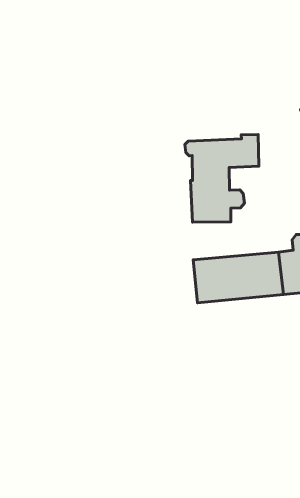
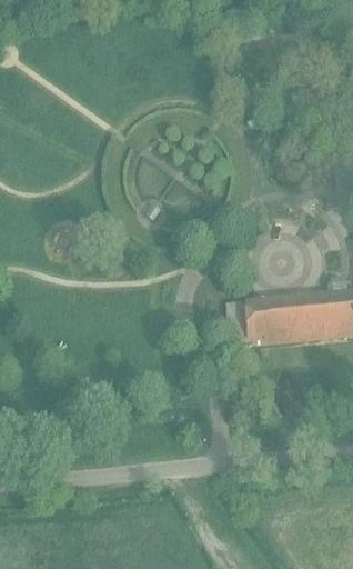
building: [185,134,259,222] -> none

